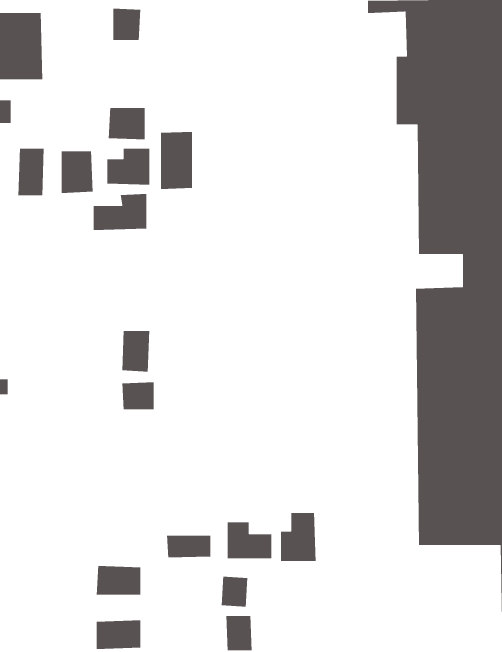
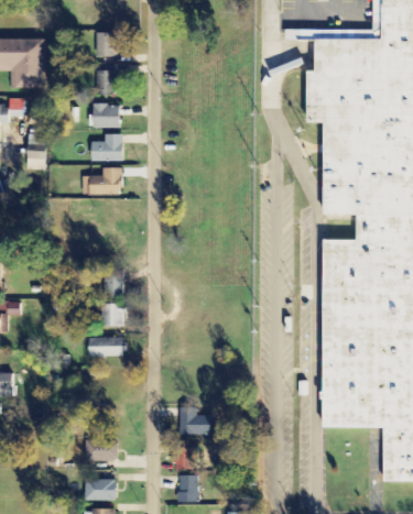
building: none -> [98,72,117,96]
building: [160,131,193,190] -> none
building: [61,151,93,194] -> none
building: none -> [90,339,127,358]
building: [280,512,316,562] -> none
building: [166,535,211,558] -> none

